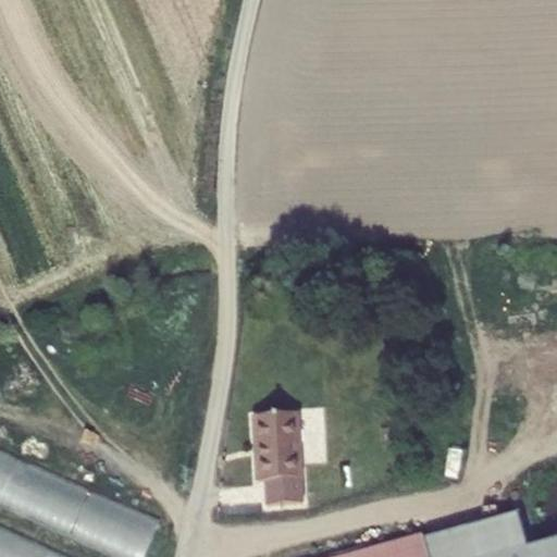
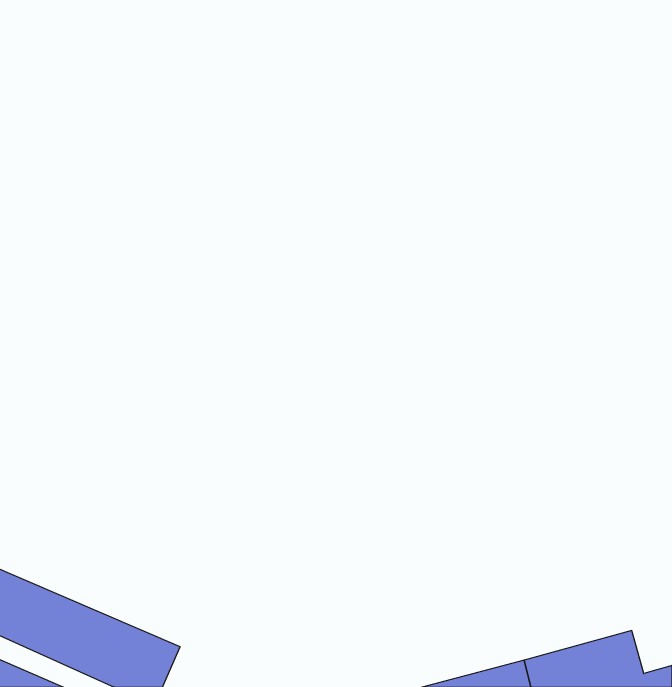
building: [256,412,304,504] -> none

